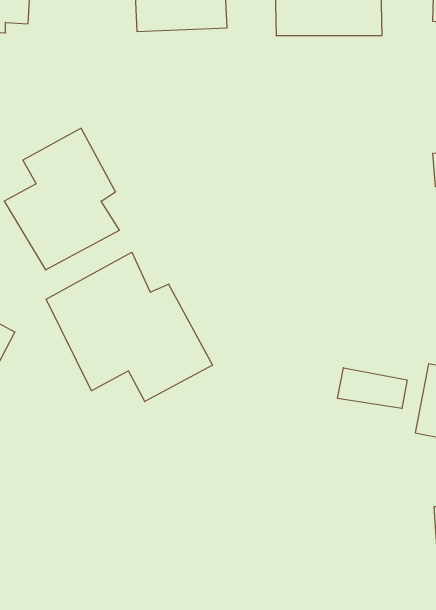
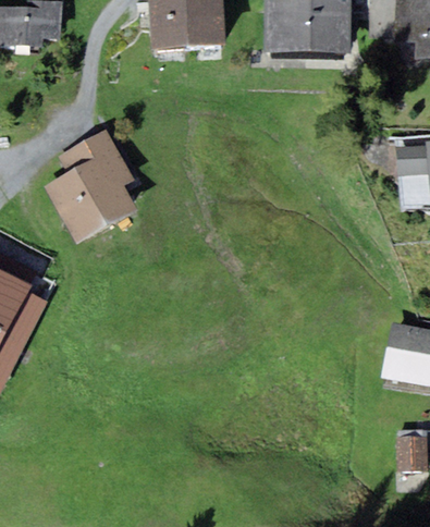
building: [46,252,213,402] -> none
building: [337,368,407,409] -> none

